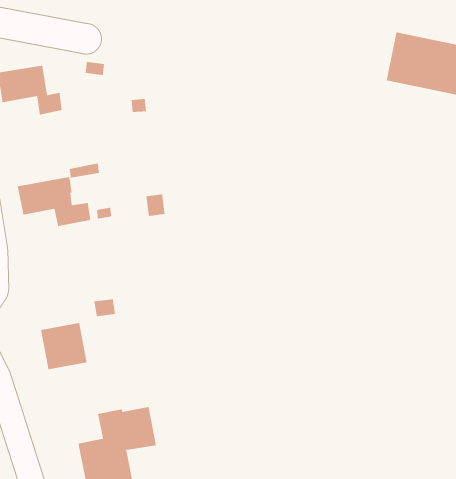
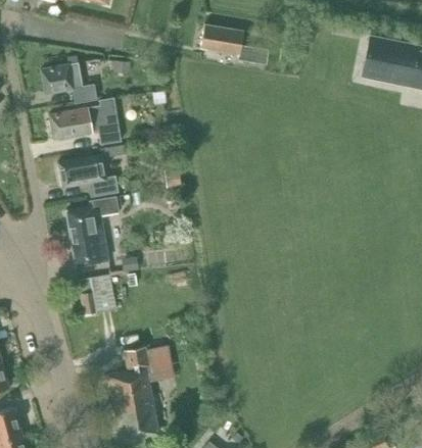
building: none -> [200,24,268,65]
building: none -> [49,107,122,145]
building: none -> [66,196,120,266]

